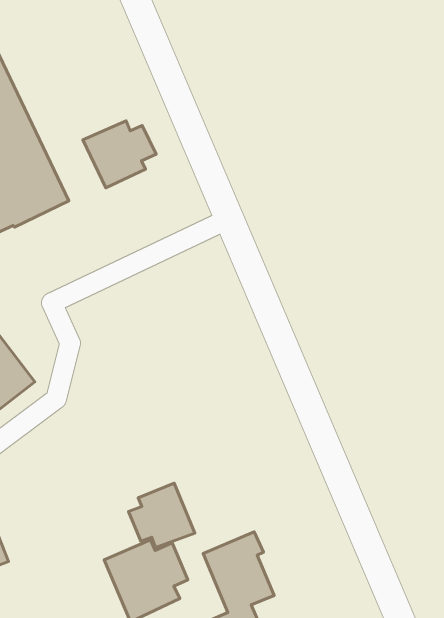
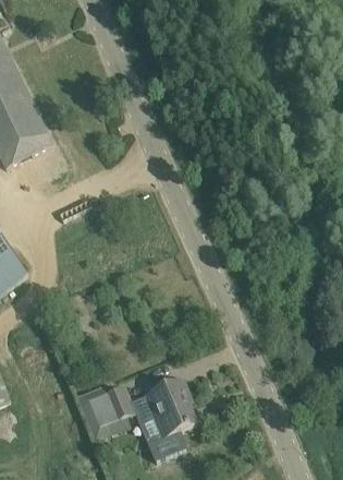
building: [83,121,156,188] -> none
building: [128,483,195,548] -> none

